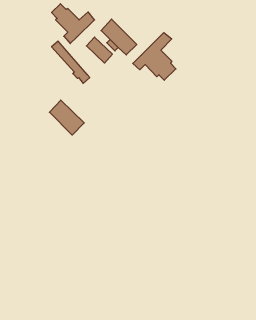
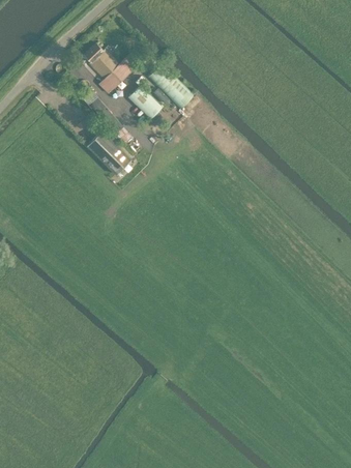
building: [133,33,176,80] -> none
building: [49,100,84,135] -> [86,131,130,176]

